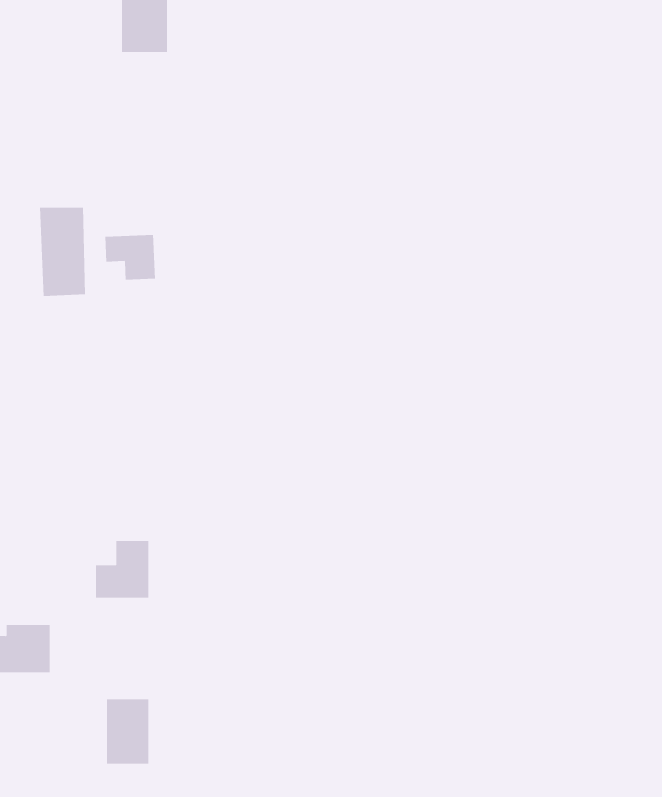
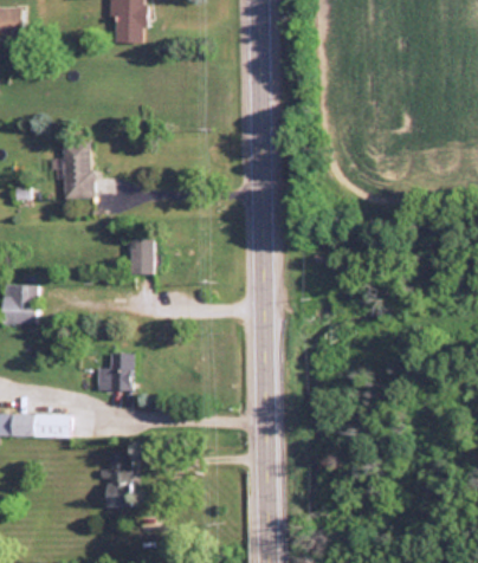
building: [105,234,156,280] -> none
building: none -> [130,239,154,274]

